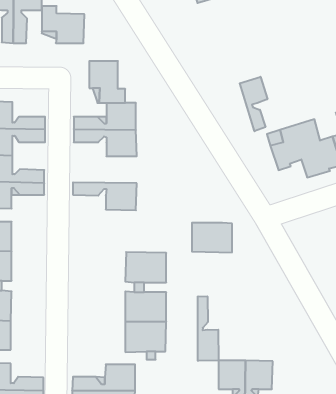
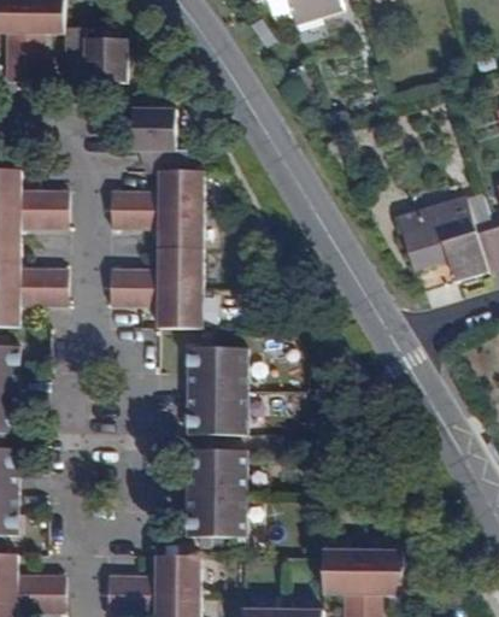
building: [240,77,267,131] -> none
building: none -> [108,248,202,288]
building: [192,223,232,252] -> [187,347,246,390]
building: [198,296,219,361] -> none

